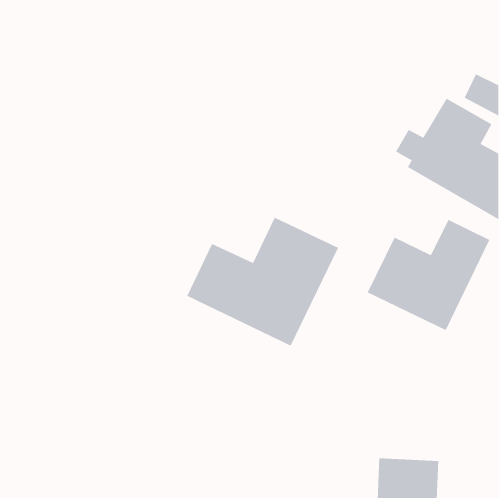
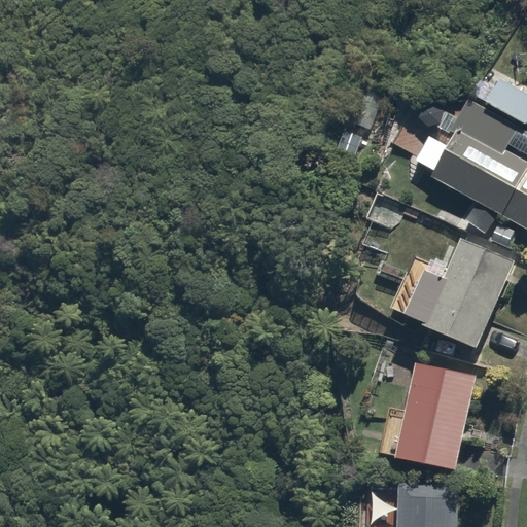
building: [186,217,339,346] -> none
building: none -> [398,358,483,470]

